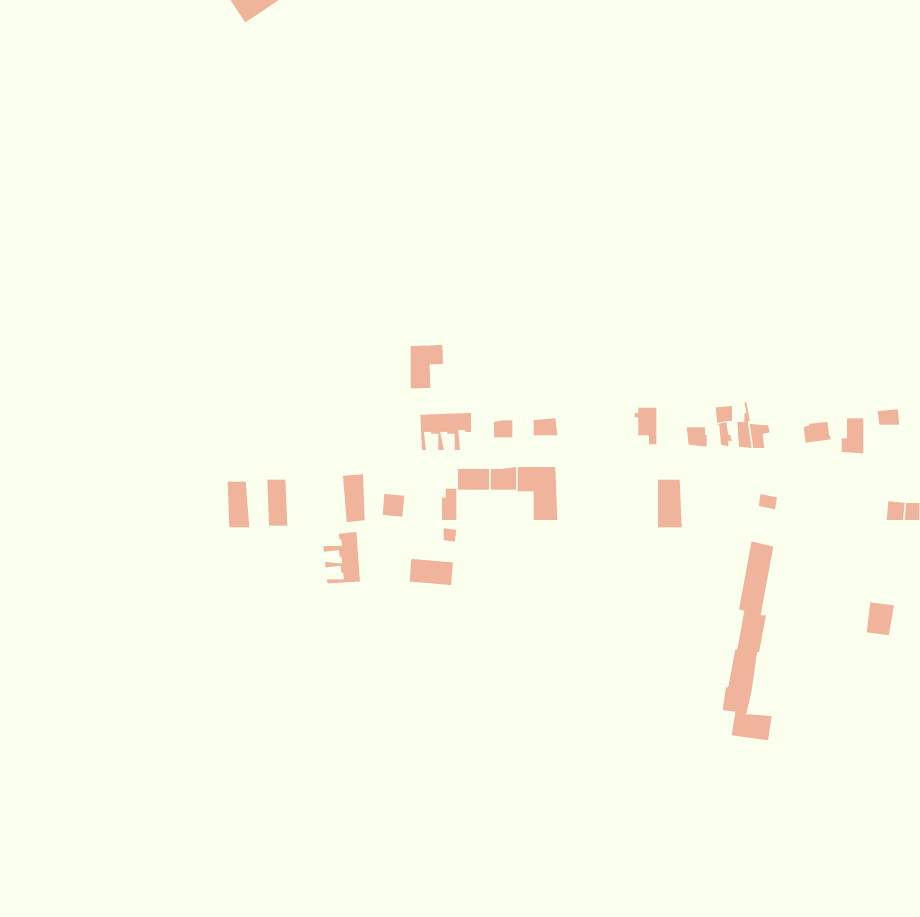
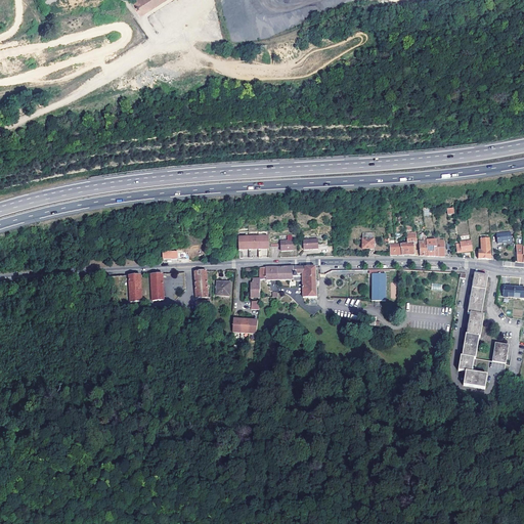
building: [410,344,445,389] -> none
building: [323,531,361,584] -> none
building: [722,541,774,741] -> [458,272,488,386]

